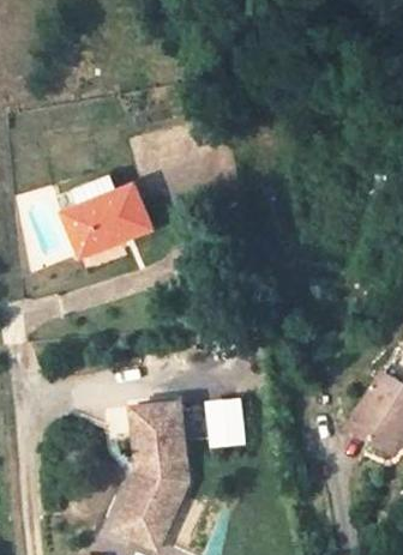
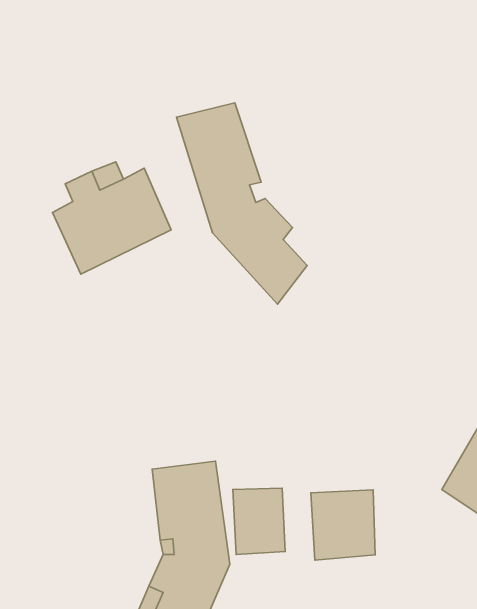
building: none -> [177,103,307,304]
building: none -> [311,490,375,560]

